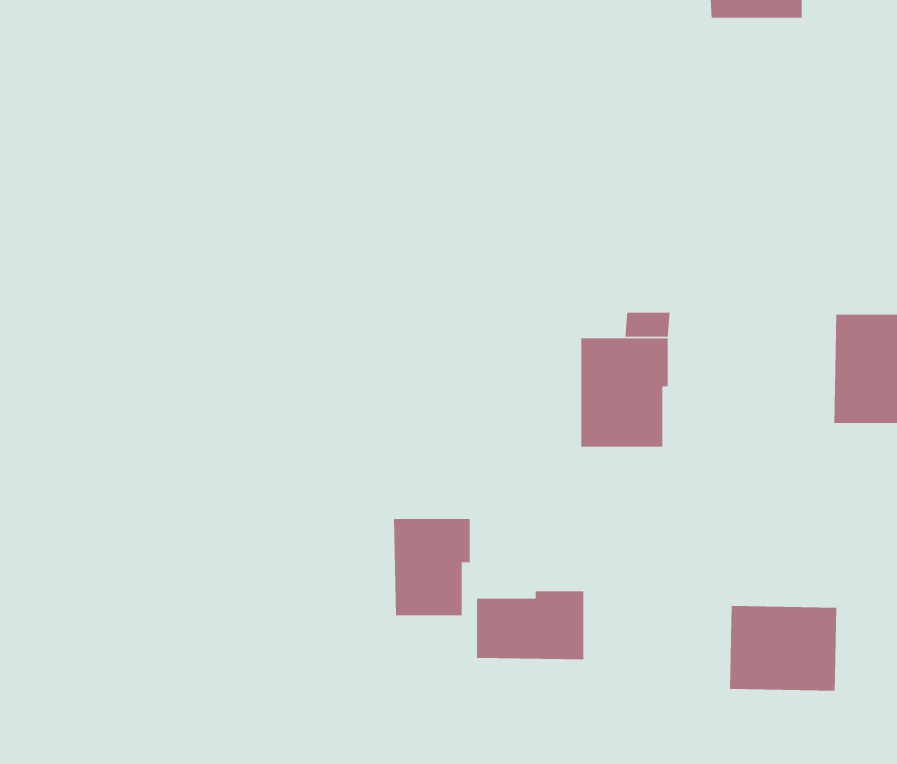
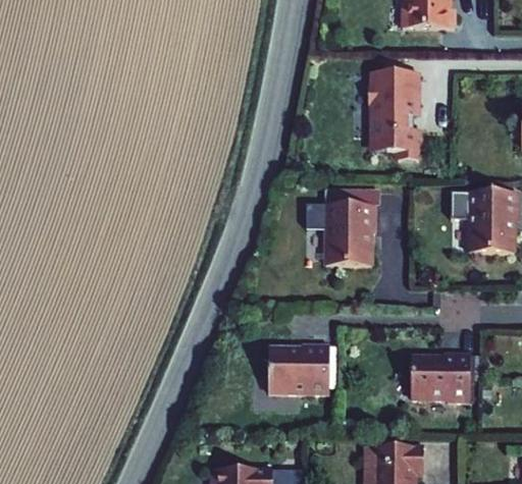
building: none -> [365,70,416,158]
building: [393,518,471,616] -> none

